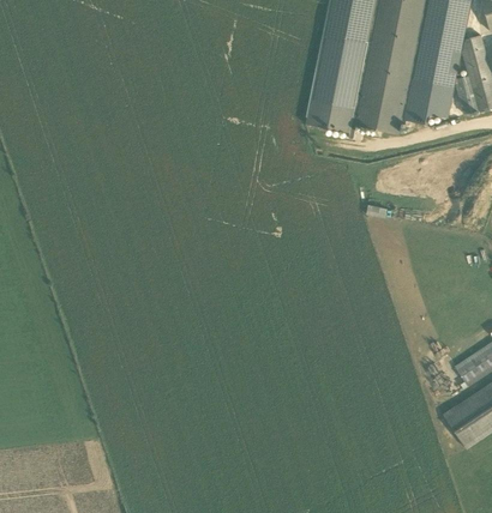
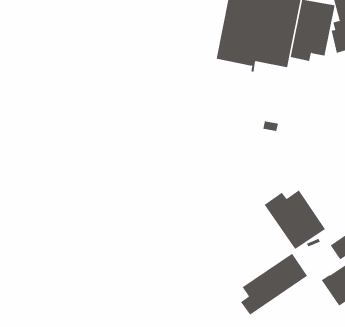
building: none -> [264,190,326,250]
building: none -> [240,253,308,315]

